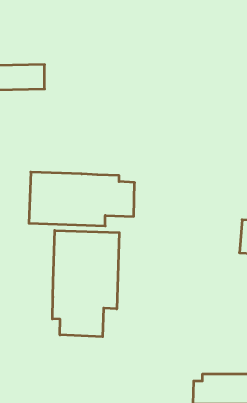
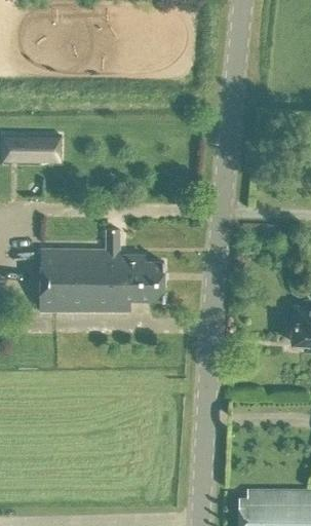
building: [52,230,119,337] -> none

